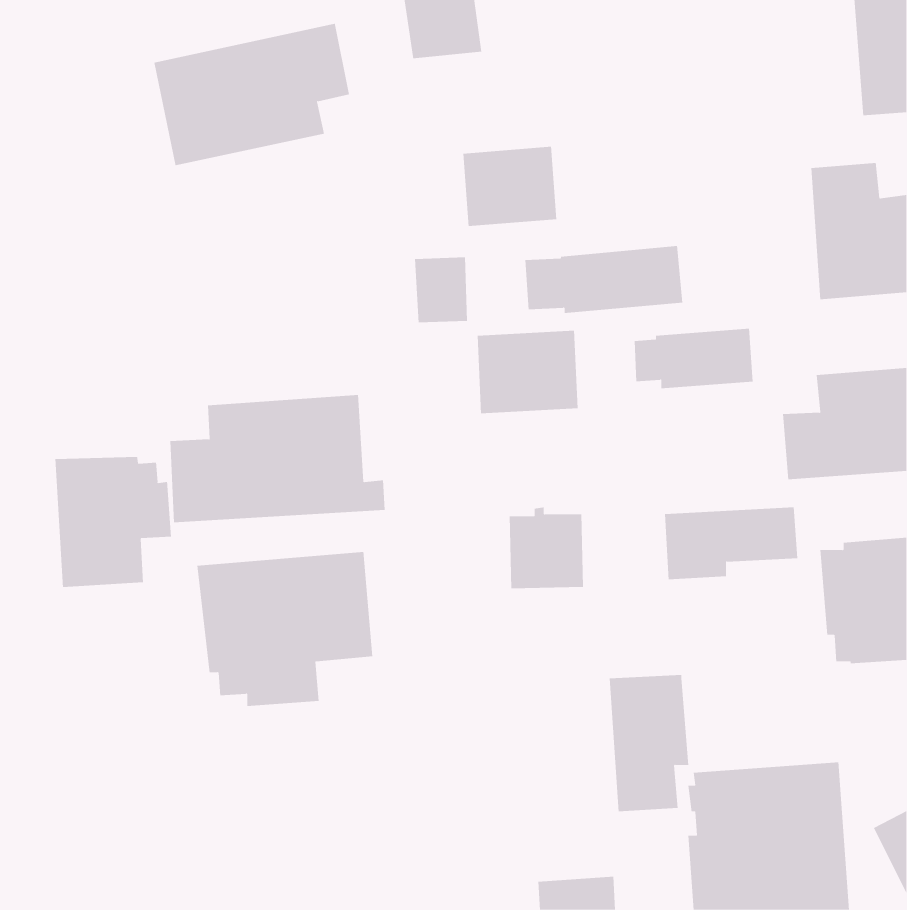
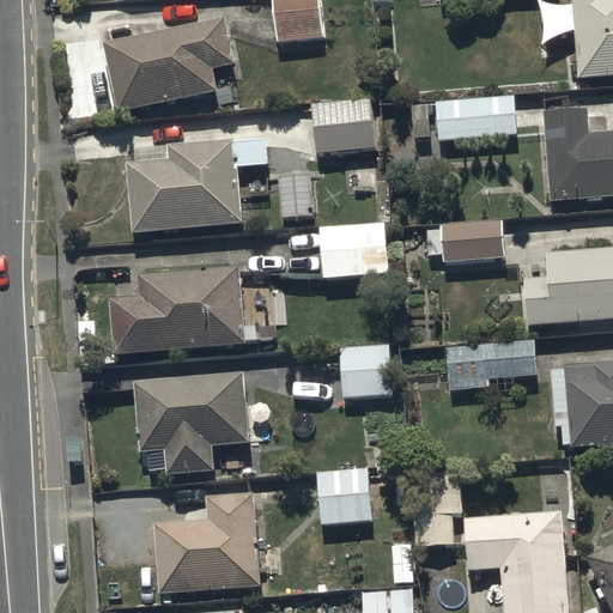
building: none -> [128,136,268,231]
building: [524,246,683,313] -> [411,95,517,140]
building: [55,456,171,588] -> none
building: none -> [315,471,370,522]
building: none -> [153,493,261,594]

